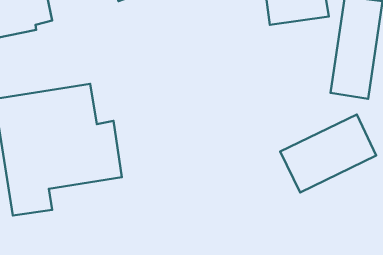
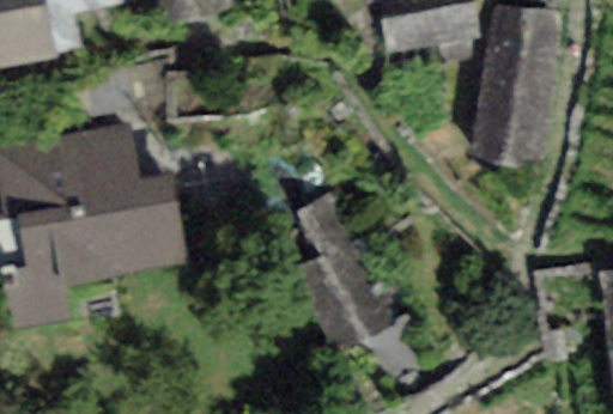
building: [280,115,376,192] -> none
building: none -> [293,194,392,349]

